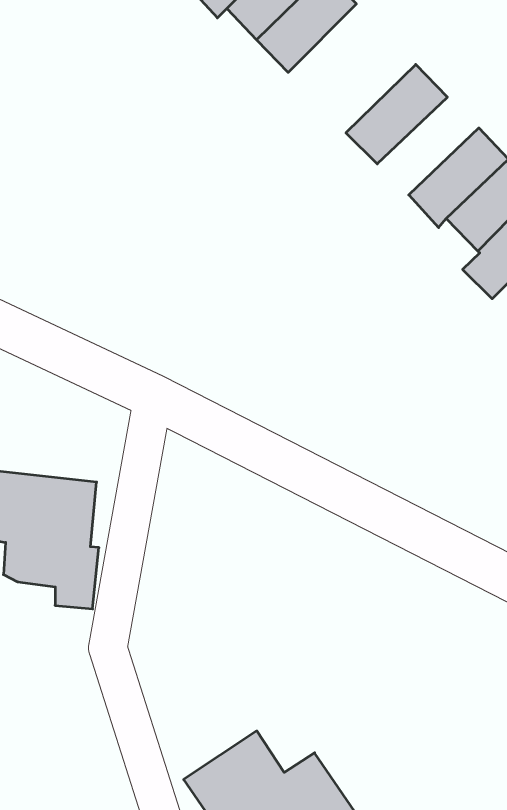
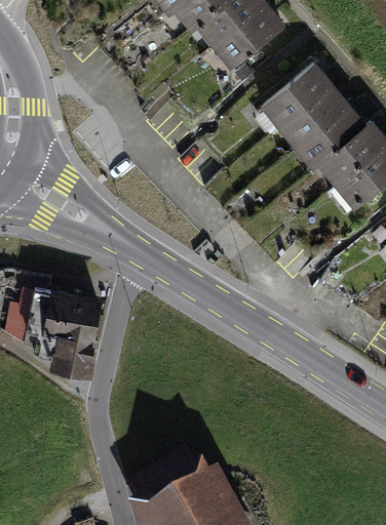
building: none -> [284,87,348,145]

